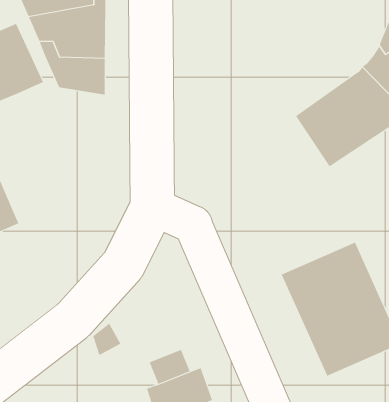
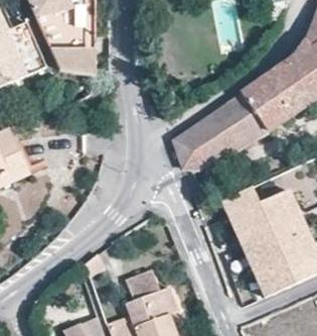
building: none -> [172,92,268,171]

